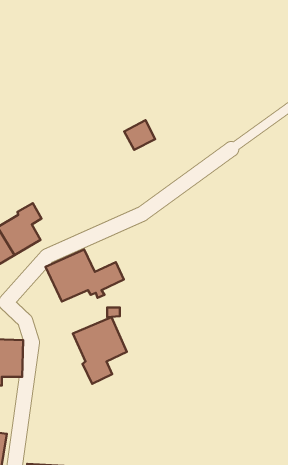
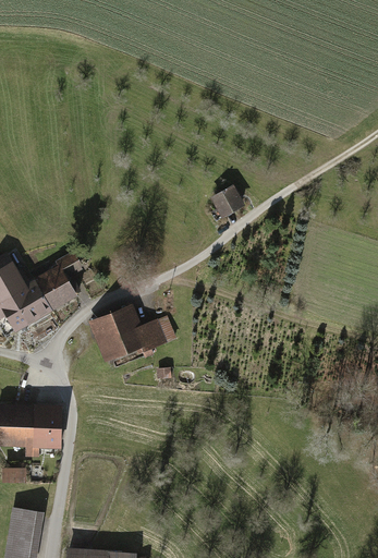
building: [124,120,155,150] -> [209,183,244,217]
building: [73,317,127,384] -> none

